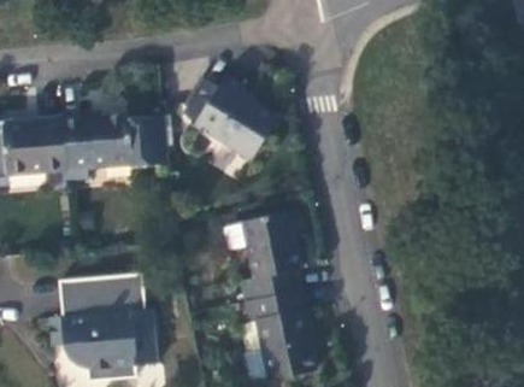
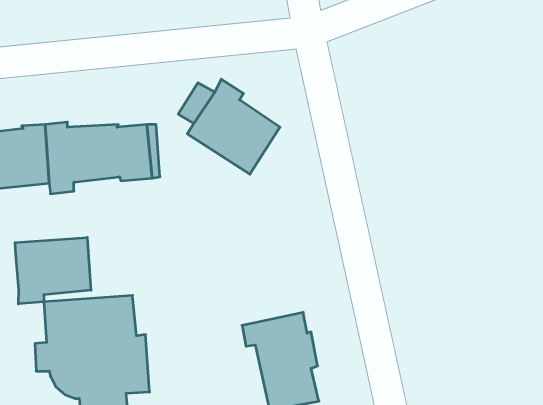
building: [237,210,300,303] -> none
building: none -> [15,237,91,304]

